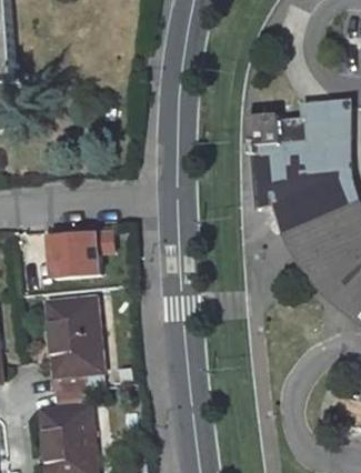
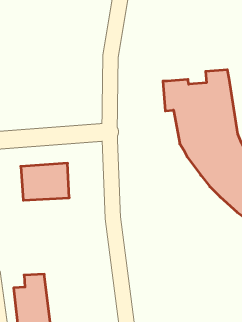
building: [44,294,99,389] -> none

